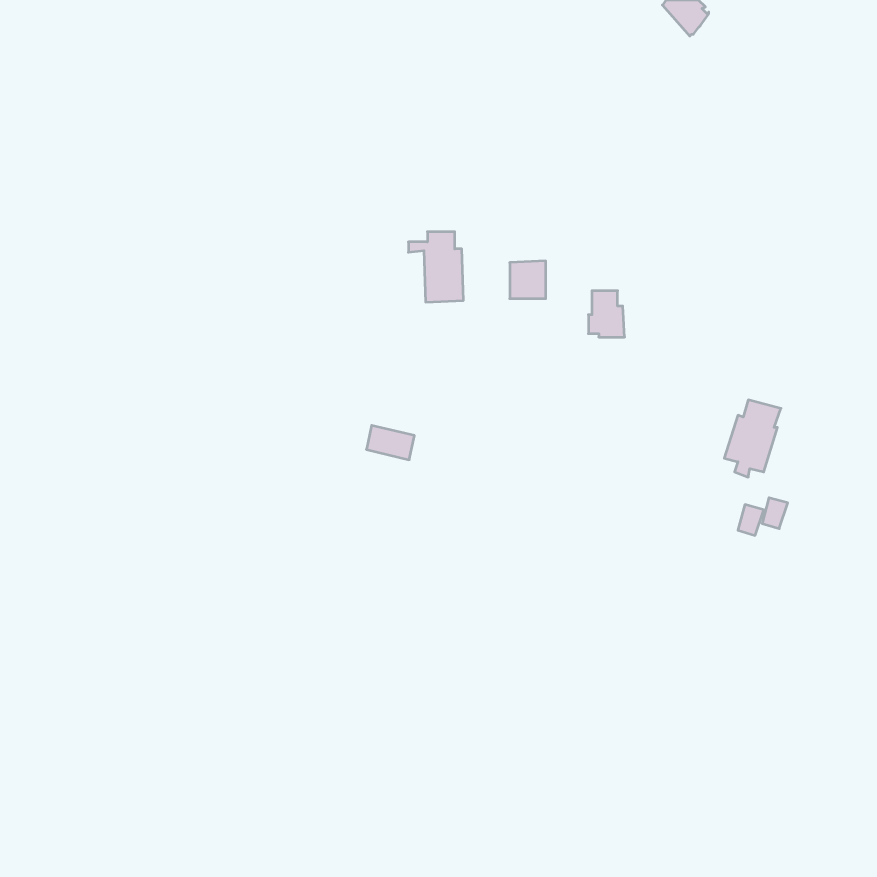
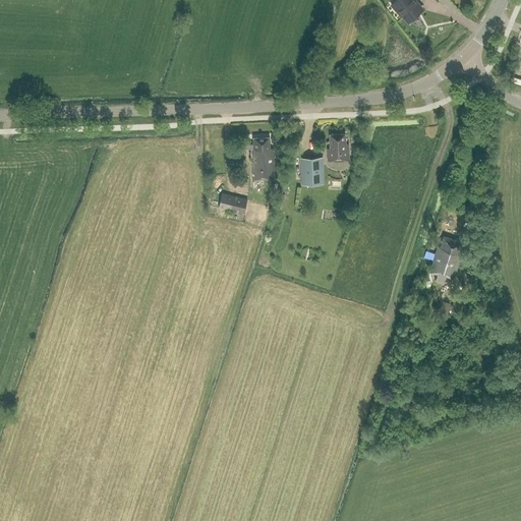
building: [588,291,625,337] -> [328,134,349,162]
building: [366,425,414,460] -> [219,193,247,214]

